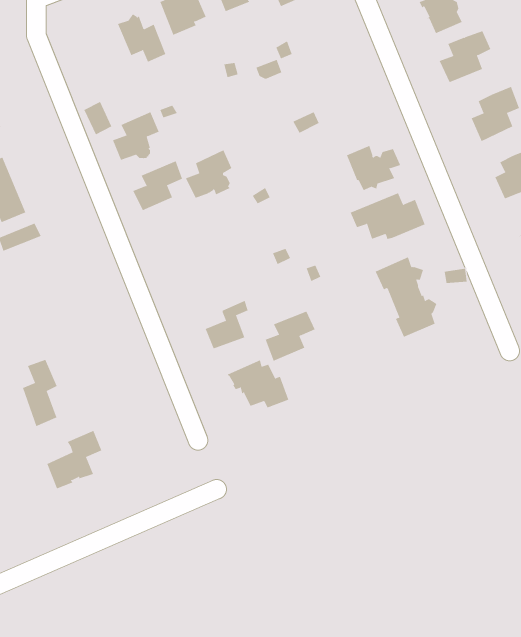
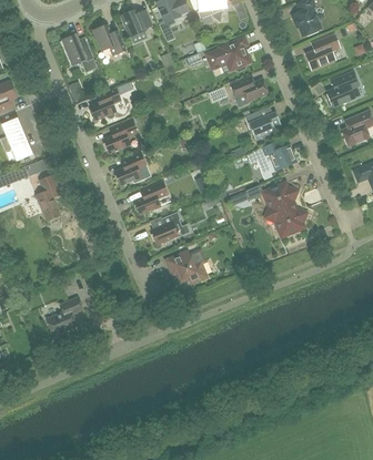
building: none -> [62,33,98,72]
building: none -> [205,35,251,71]
building: none -> [231,75,268,106]
building: [185,150,232,198] -> [114,152,145,184]
building: [265,311,315,361] -> [134,181,168,214]
building: [22,359,58,427] -> [37,175,60,219]

